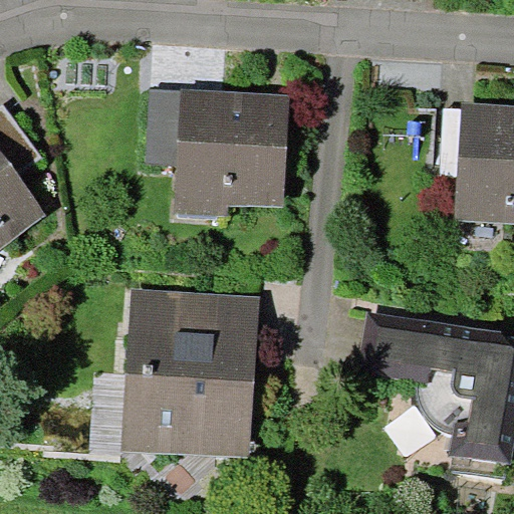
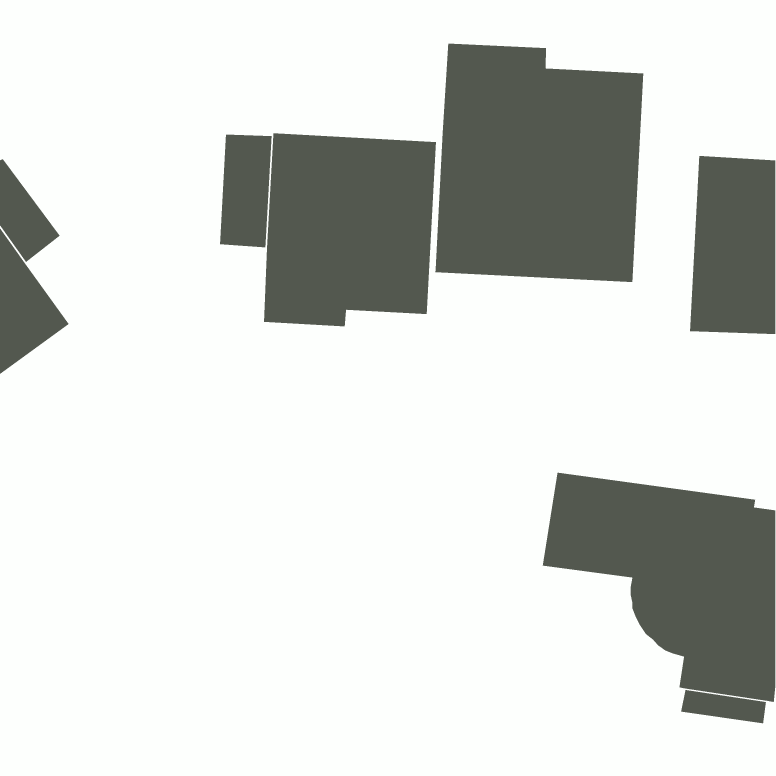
building: none -> [434,43,644,283]
building: [120,289,259,459] -> none

